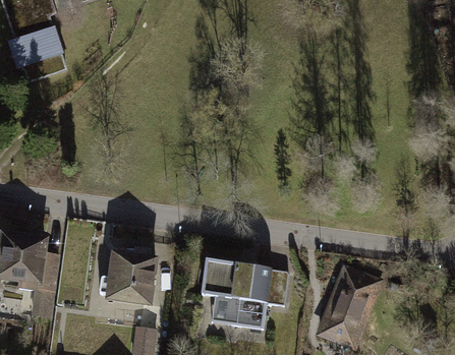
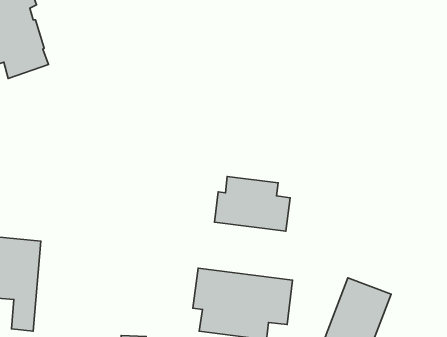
building: none -> [215,177,290,231]
building: [107,247,161,300] -> none

